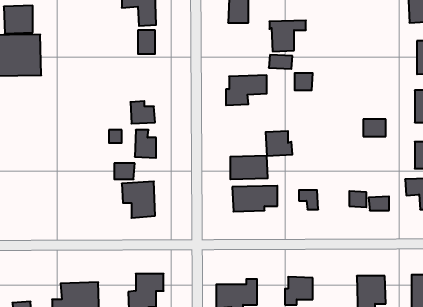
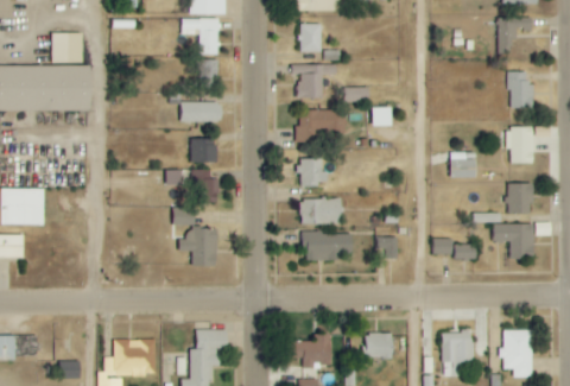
building: [269,20,306,51] -> [296,64,336,99]
building: none -> [179,101,220,121]
building: [266,131,292,156] -> [299,158,329,185]

